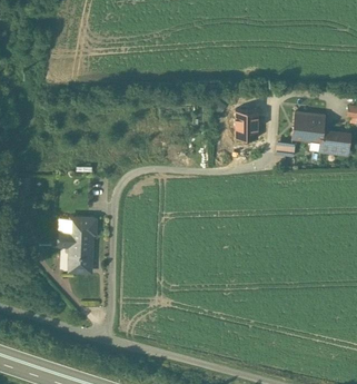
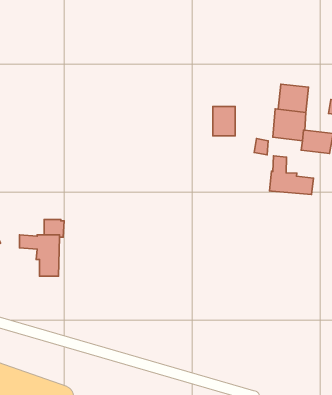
building: none -> [278,84,309,112]
building: none -> [269,156,313,195]

